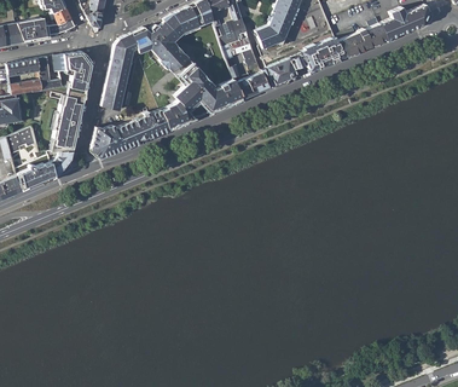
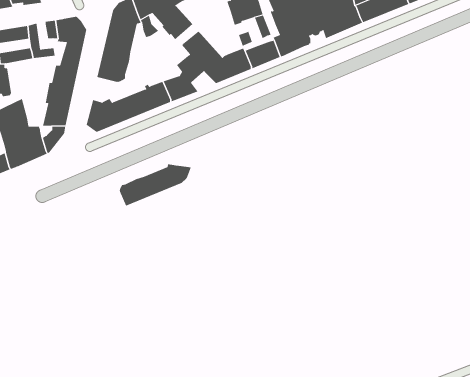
building: none -> [119,163,191,207]

